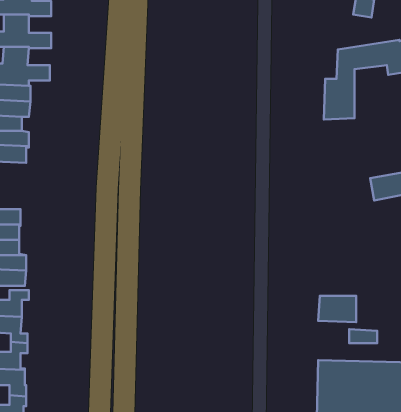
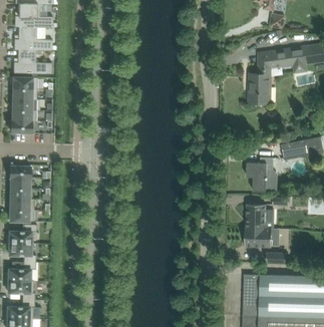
building: none -> [247,156,273,190]
building: none -> [245,203,267,228]

